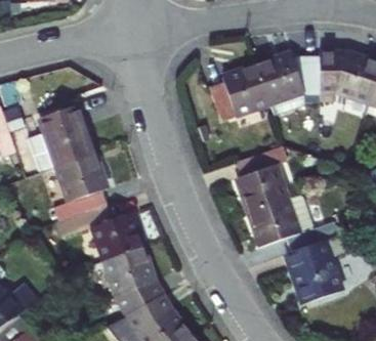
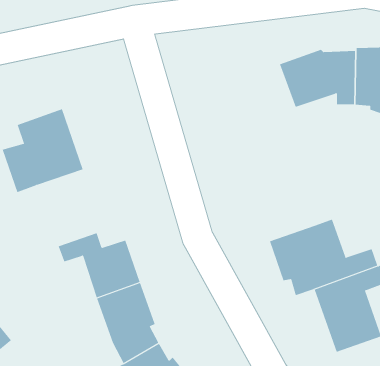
building: [210,66,269,119] -> none
building: [236,144,288,212] -> none
building: [55,153,107,216] -> none

